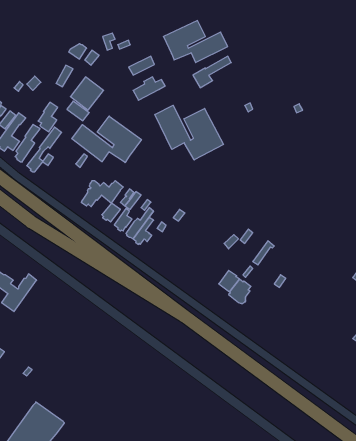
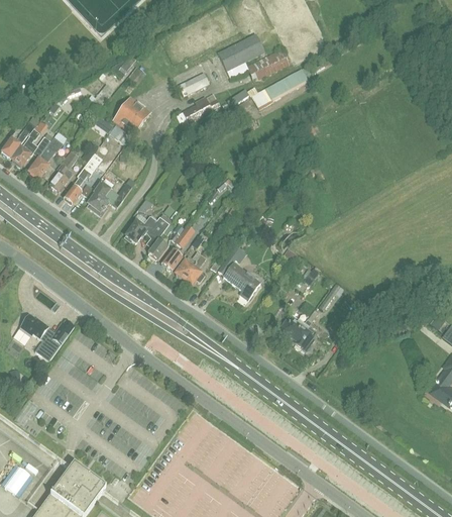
building: [38,102,58,132] -> [89,183,111,216]
building: [155,105,223,160] -> none
building: [72,116,141,163] -> none
building: none -> [224,264,261,300]

